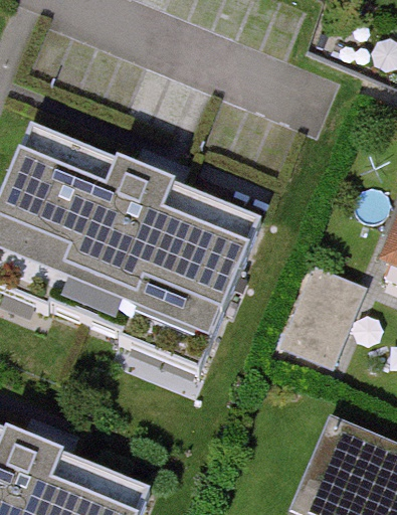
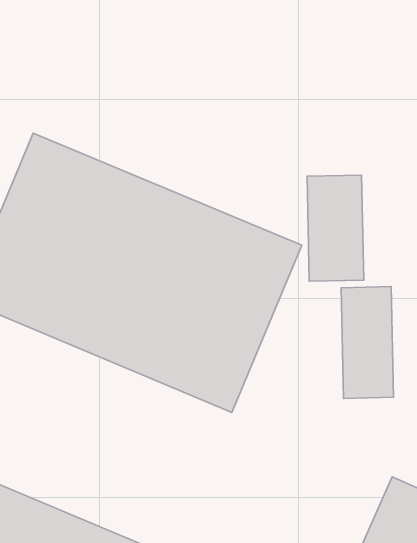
building: none -> [307,175,364,281]

